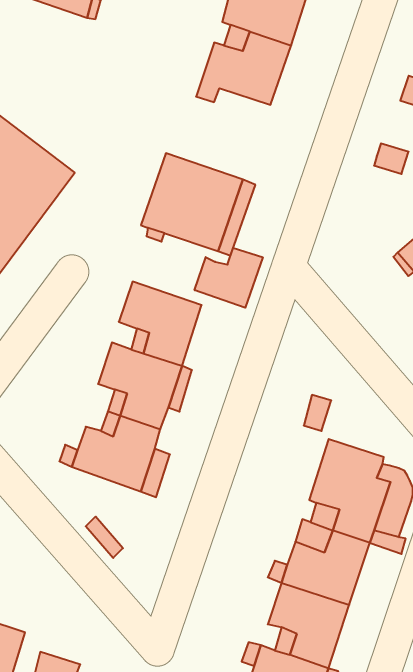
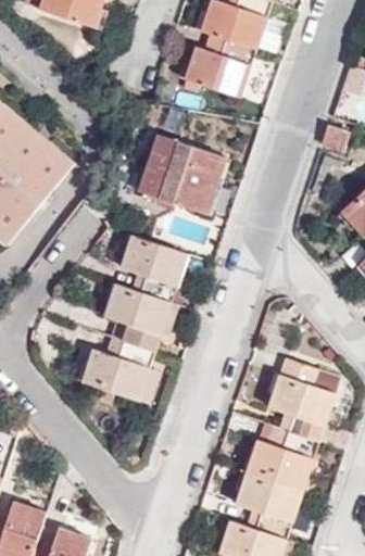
building: [195,248,263,308] -> none

